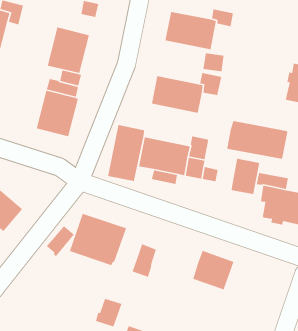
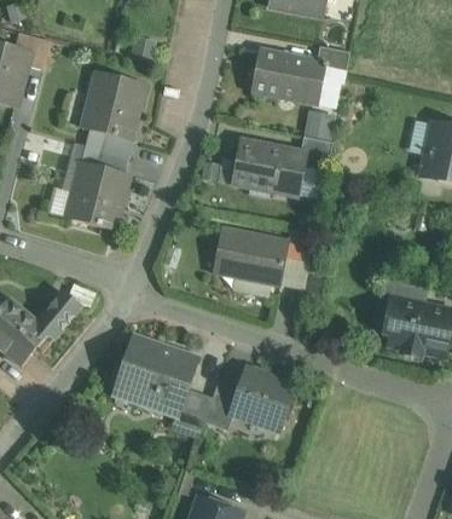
building: [226,120,289,161] -> none
building: [107,124,145,182] -> none
building: [231,158,260,195] -> none
building: [46,225,75,257] -> [36,292,77,338]
building: [192,250,234,290] -> [231,369,291,427]
building: [95,298,122,327] -> [172,388,210,431]

